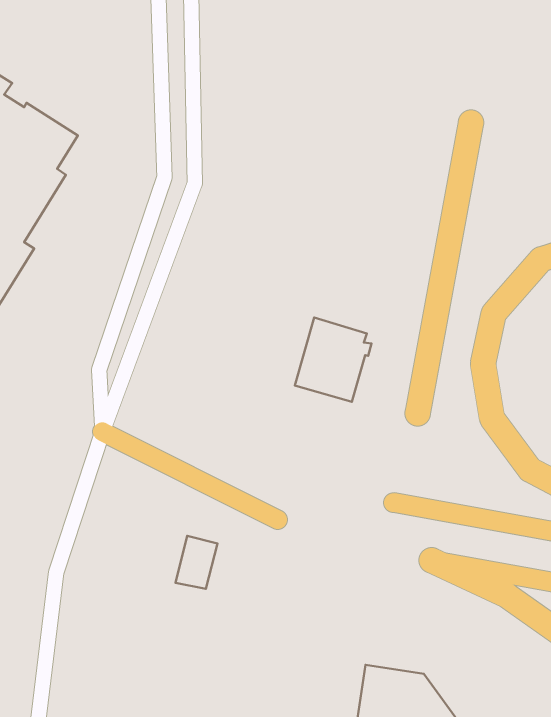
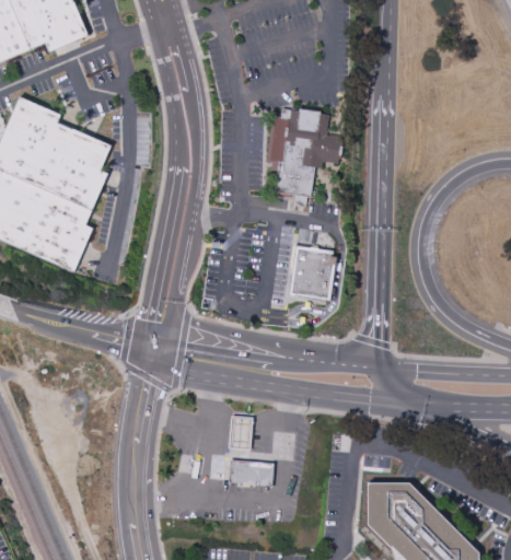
building: none -> [266,107,341,207]
building: none -> [228,459,274,486]

